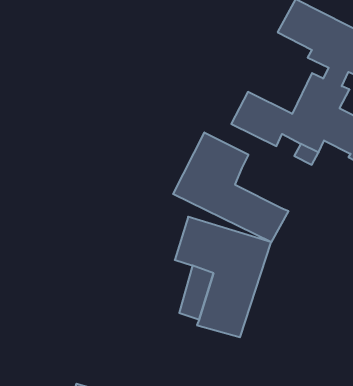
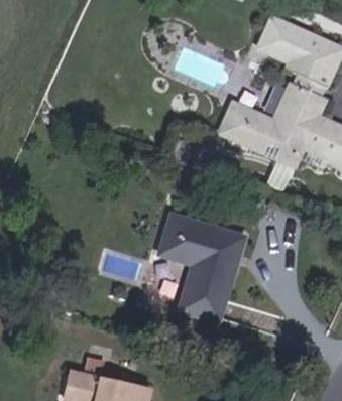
building: [173,132,288,242] -> none

